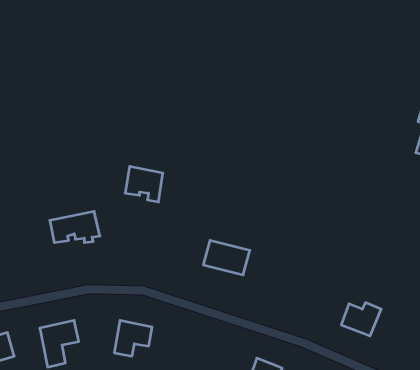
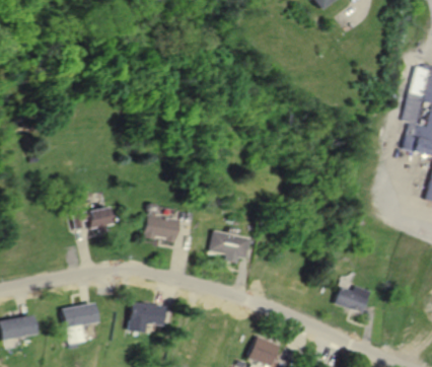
building: [125,166,163,202] -> [142,213,176,245]

